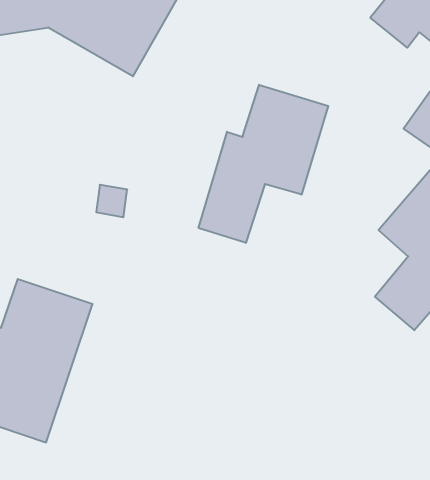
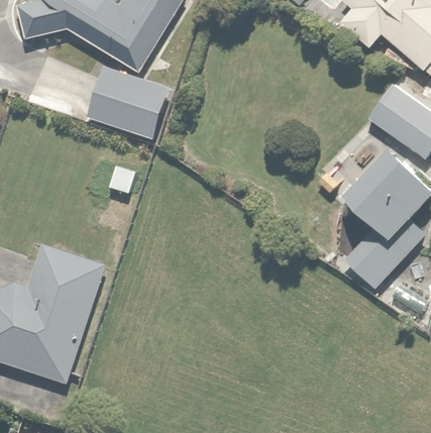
building: none -> [88,68,170,138]
building: [199,85,328,243] -> none

